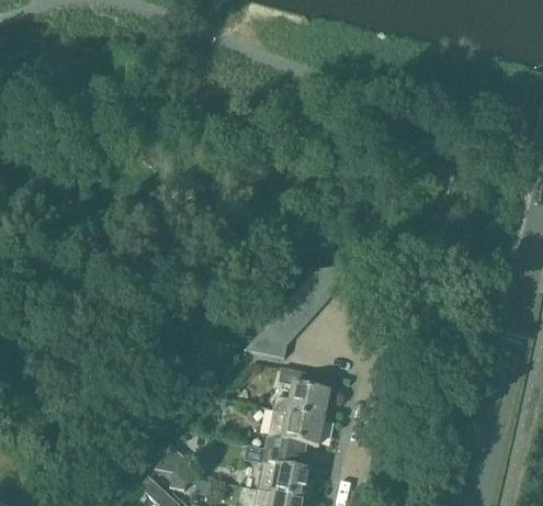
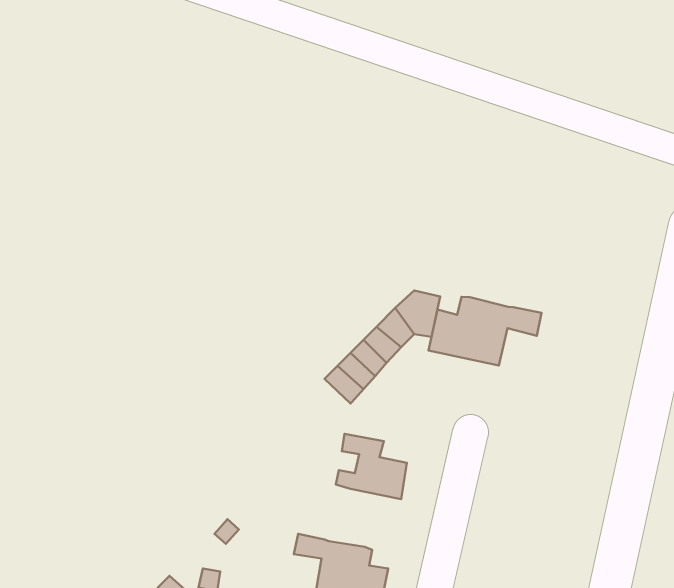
building: none -> [429,297,541,366]
building: [242,328,284,358] -> none
building: [264,408,323,458] -> none

